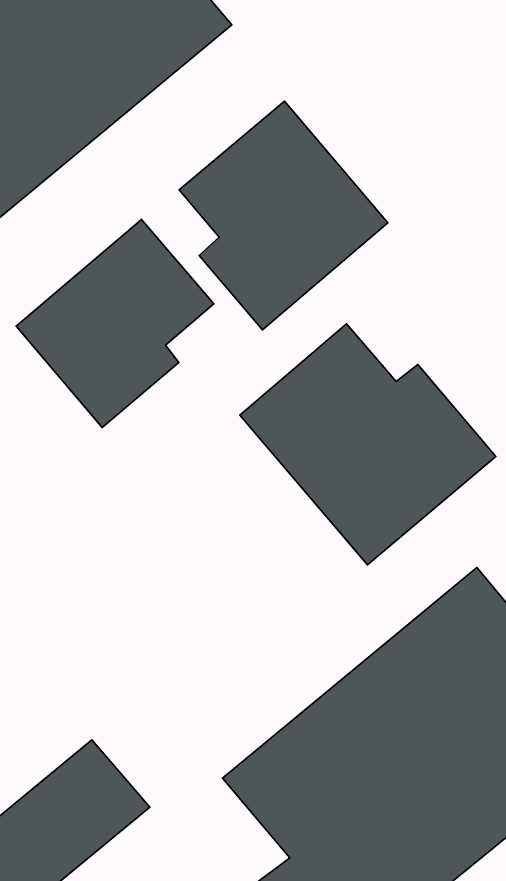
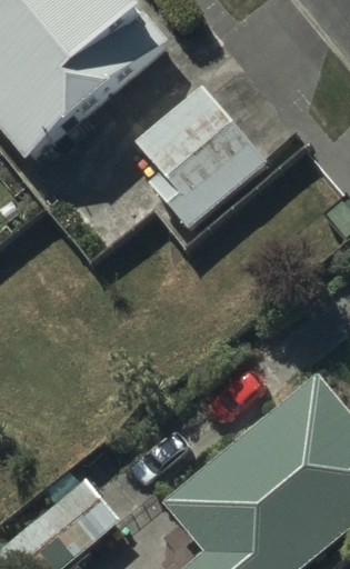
building: [16,220,214,428] -> none
building: [240,324,496,565] -> none

